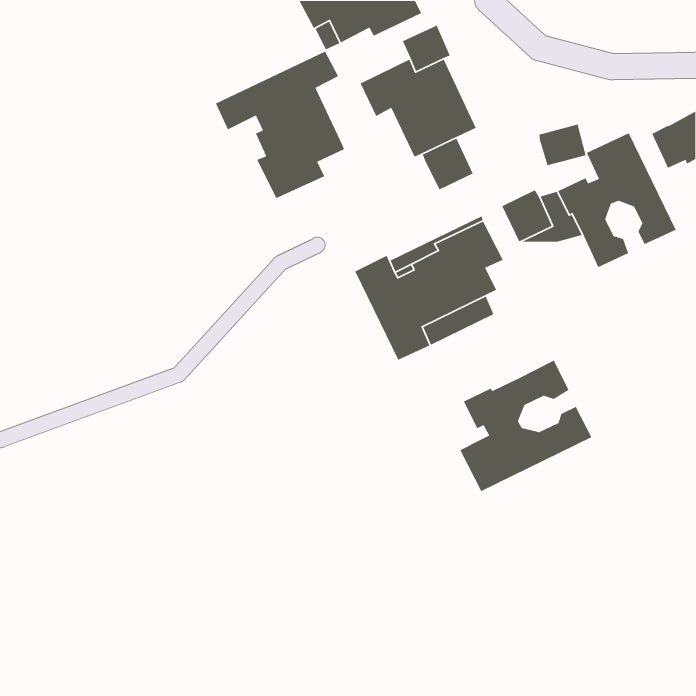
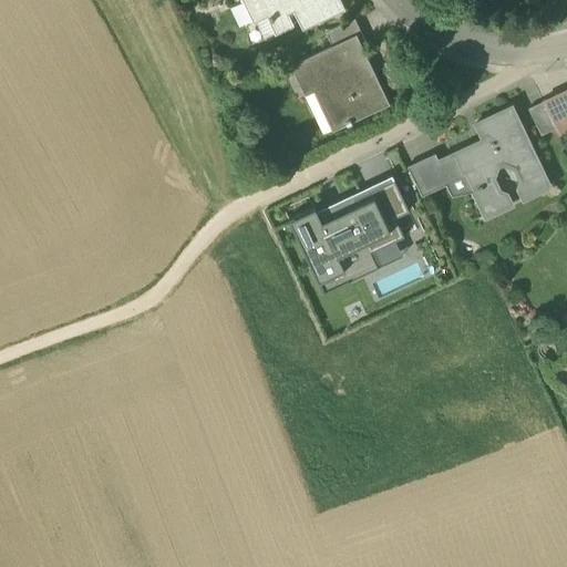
building: [215,50,345,199] -> none
building: [538,124,587,166] -> none
building: [422,138,474,191] -> none
building: [459,359,593,492] -> none

